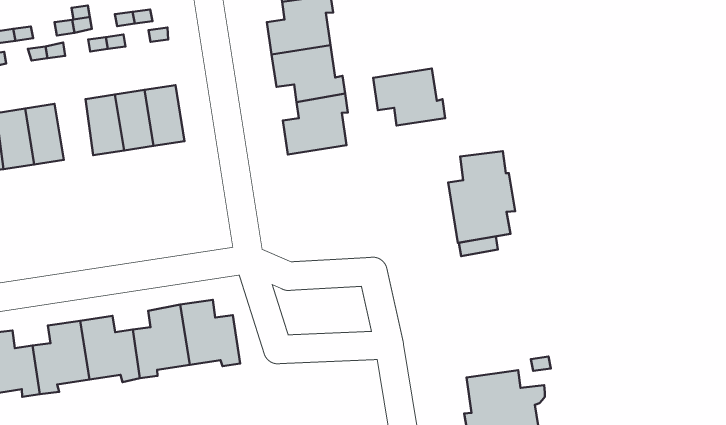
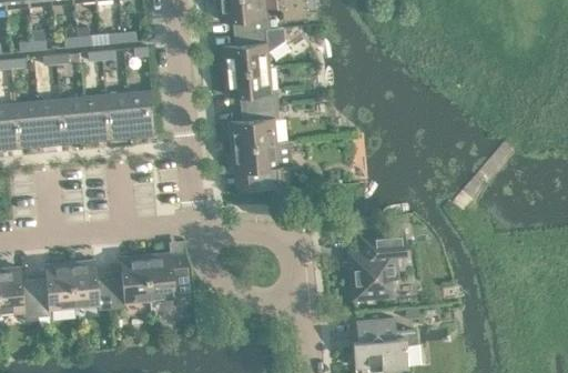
building: [373,69,445,125] -> [232,143,284,184]
building: none -> [60,98,87,142]
building: [448,151,515,243] -> [348,233,397,300]

